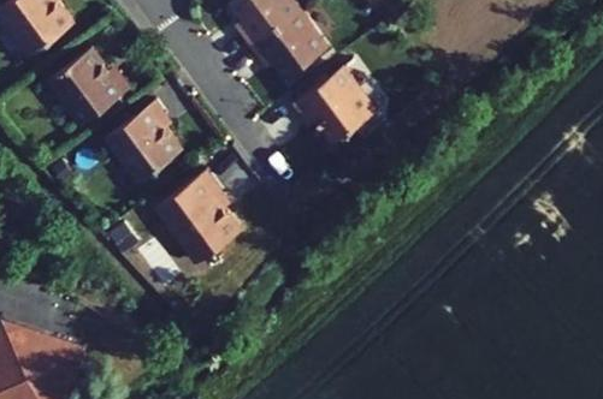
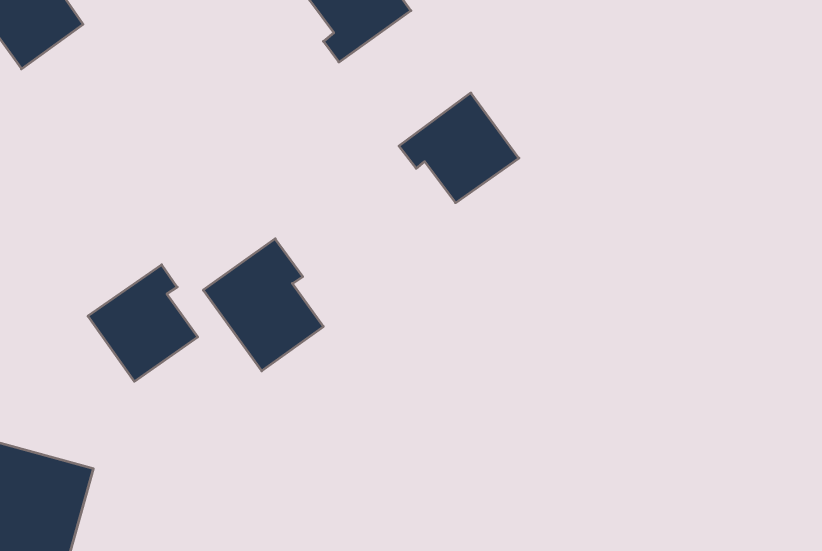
building: [253,12,331,82] -> none
building: [51,48,134,125] -> none
building: [106,101,183,183] -> [88,265,198,381]

